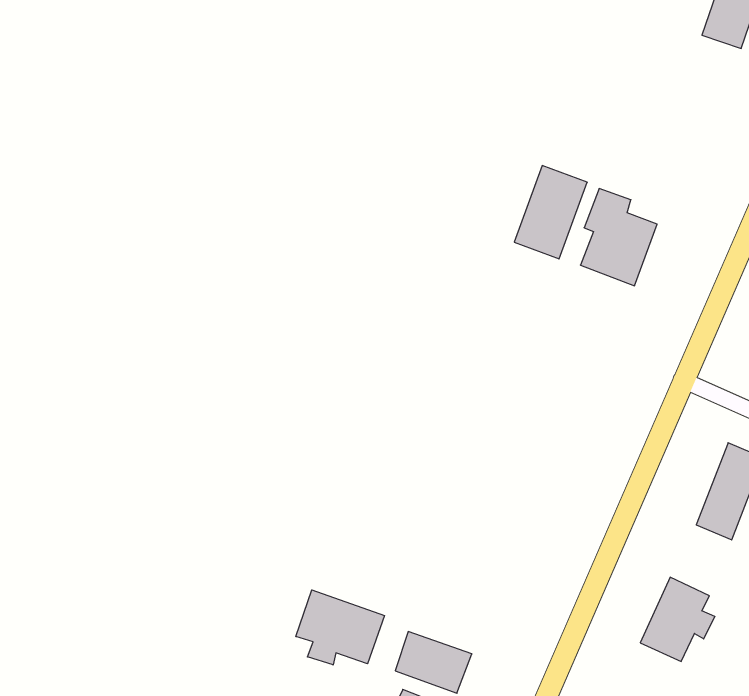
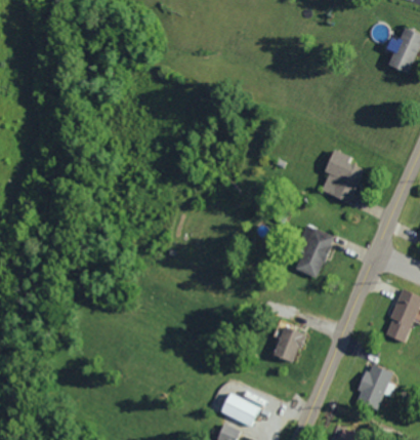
building: [514,166,587,259] -> [293,227,333,278]
building: none -> [271,322,304,363]
building: [296,590,384,665] -> none

